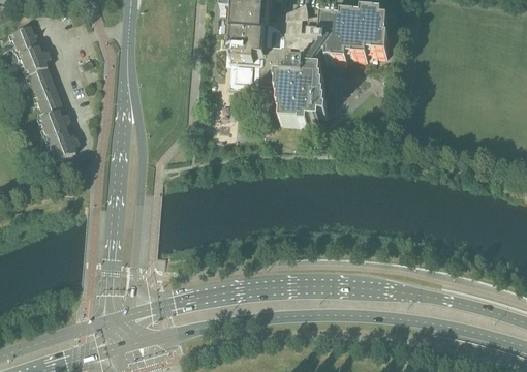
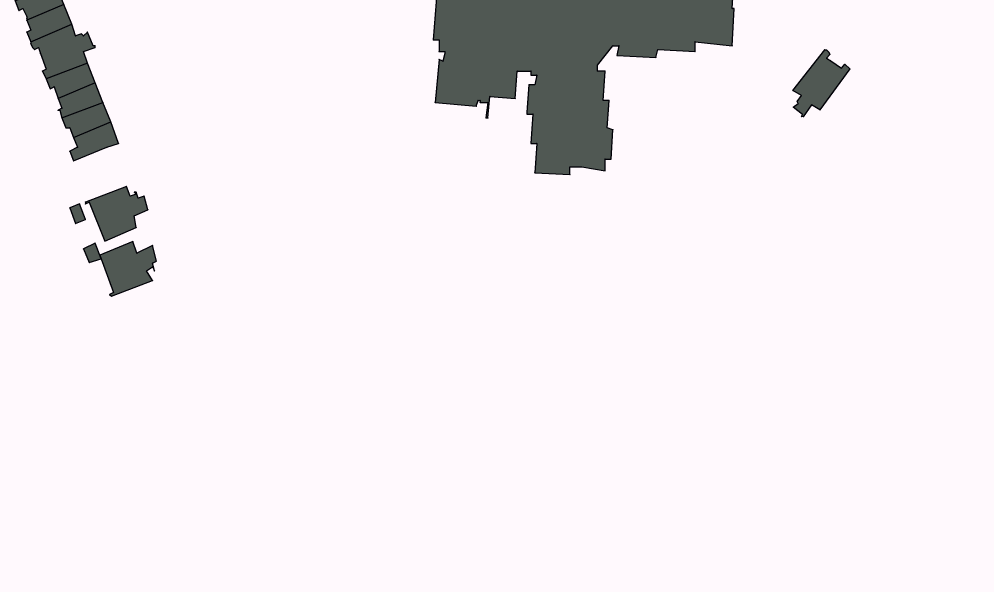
building: none -> [793,50,850,117]
building: [39,110,69,138] -> [100,242,156,296]

